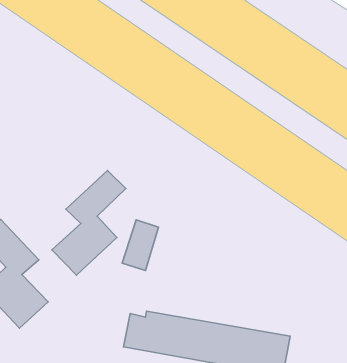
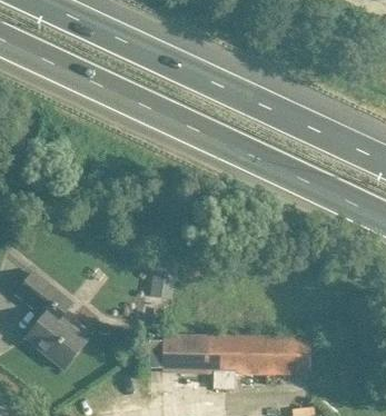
building: [52,170,126,275] -> none

